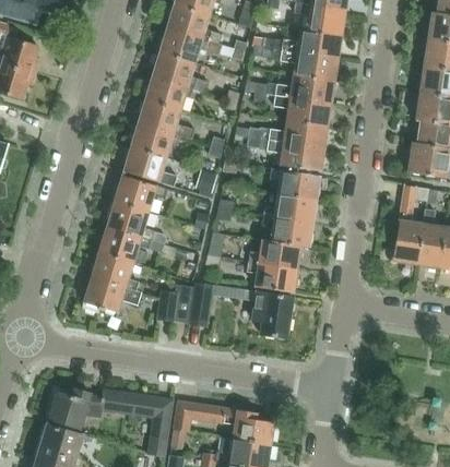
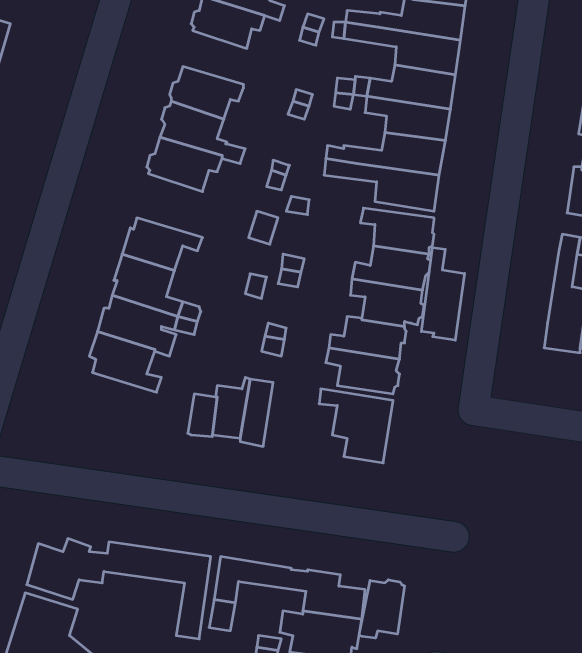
building: [153,50,206,92] -> none
building: [123,145,176,184] -> none
building: none -> [421,248,465,340]
building: [82,277,135,312] -> none
building: none -> [359,580,405,638]

